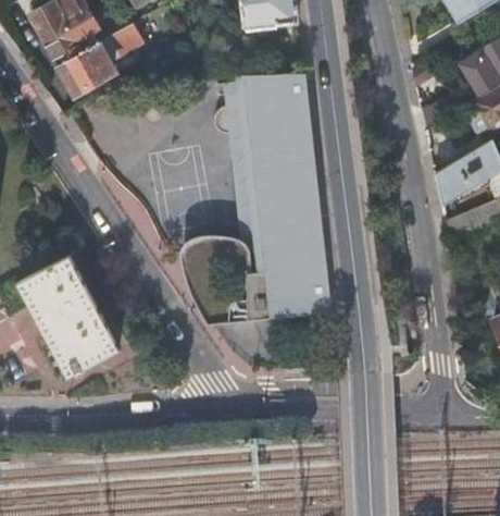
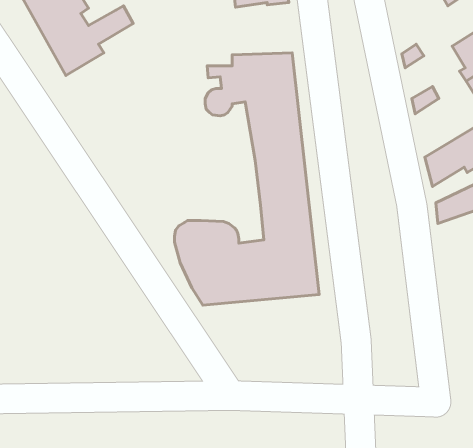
building: [17,255,114,374] -> none

